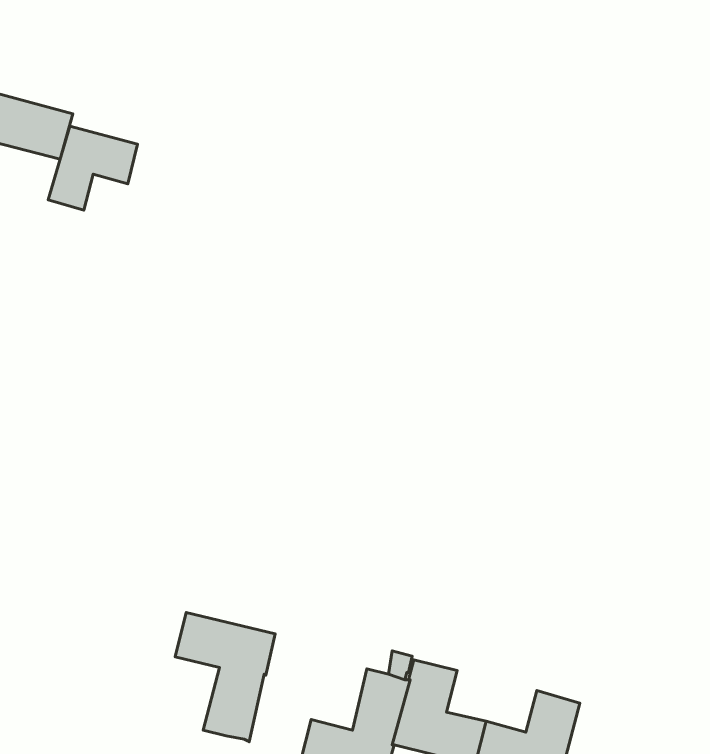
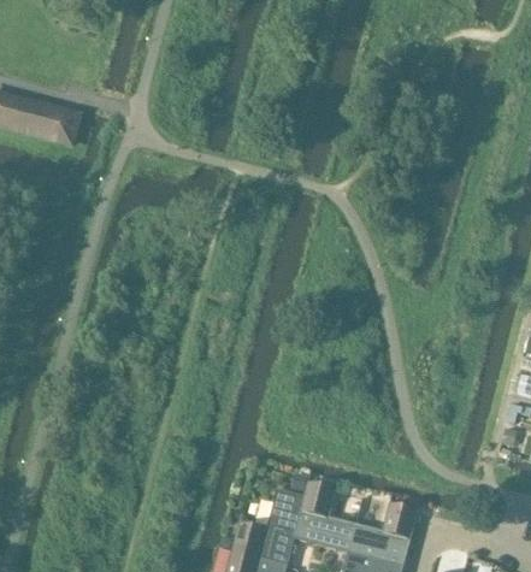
building: [48,126,137,210] -> none
building: [175,613,275,742] -> none

